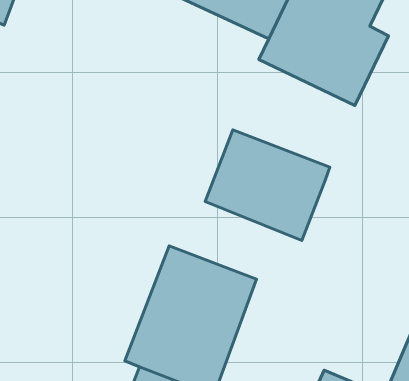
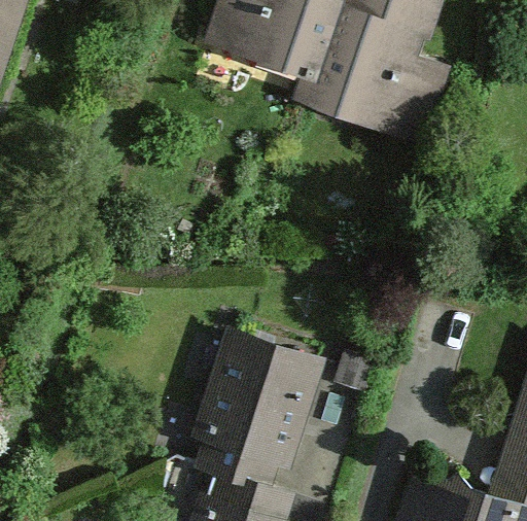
building: [205,130,330,241] -> none

